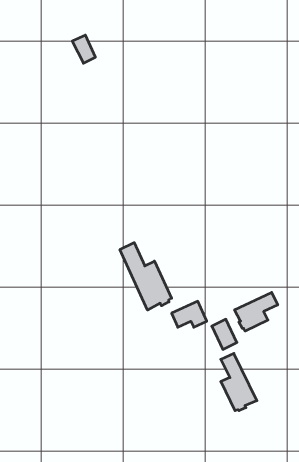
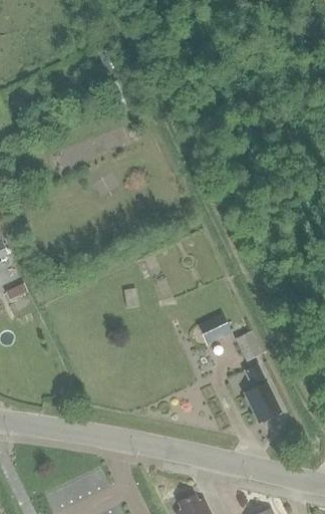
building: [120,243,172,310] -> none
building: [235,292,278,331] -> none

